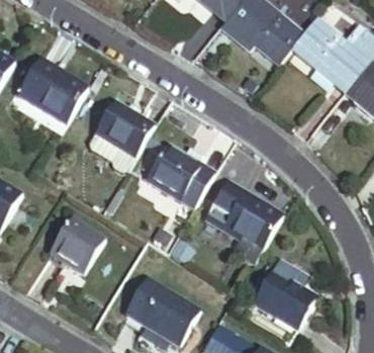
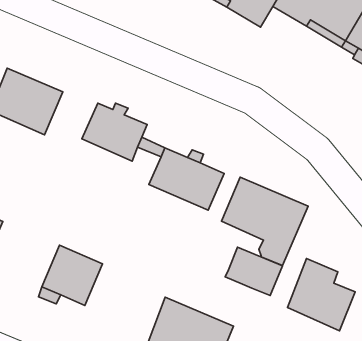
building: [95,134,144,177] -> none
building: none -> [225,247,283,296]

